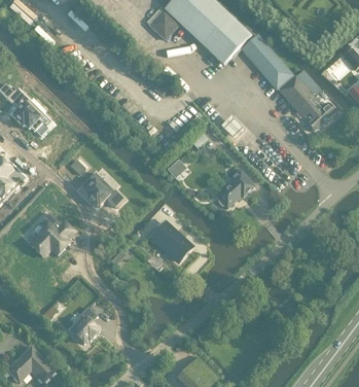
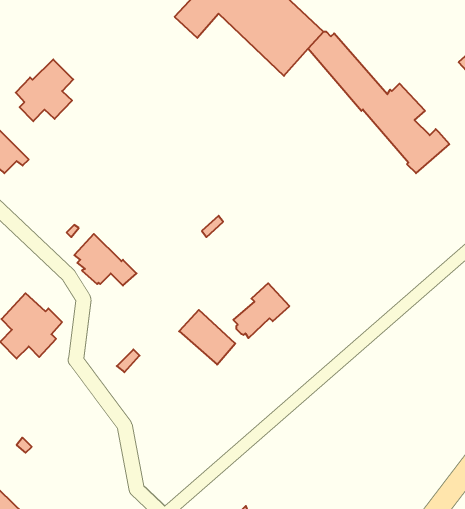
building: none -> [16,59,73,121]
building: [216,171,254,208] -> [233,283,289,338]
building: [69,307,99,344] -> none

